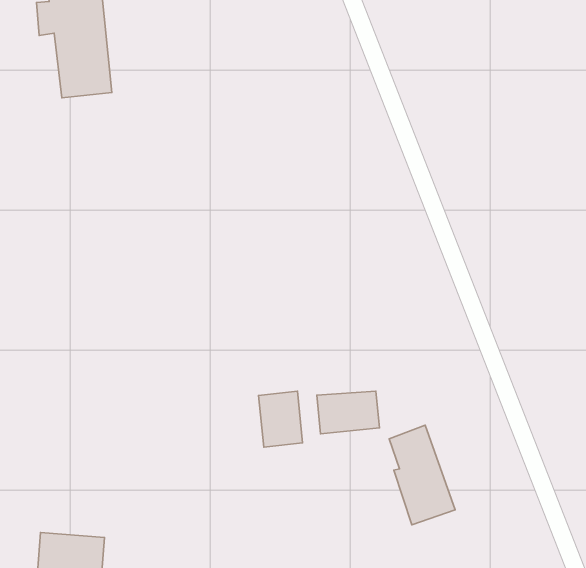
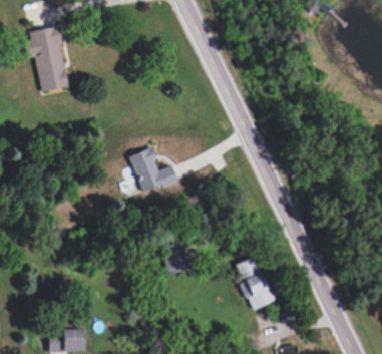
building: none -> [129,147,177,194]
building: [317,391,379,434] -> none

